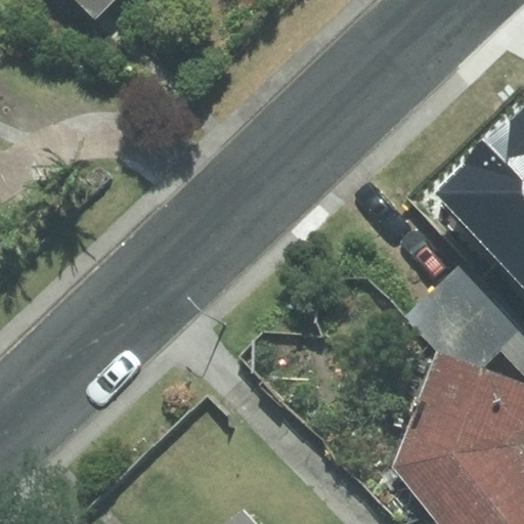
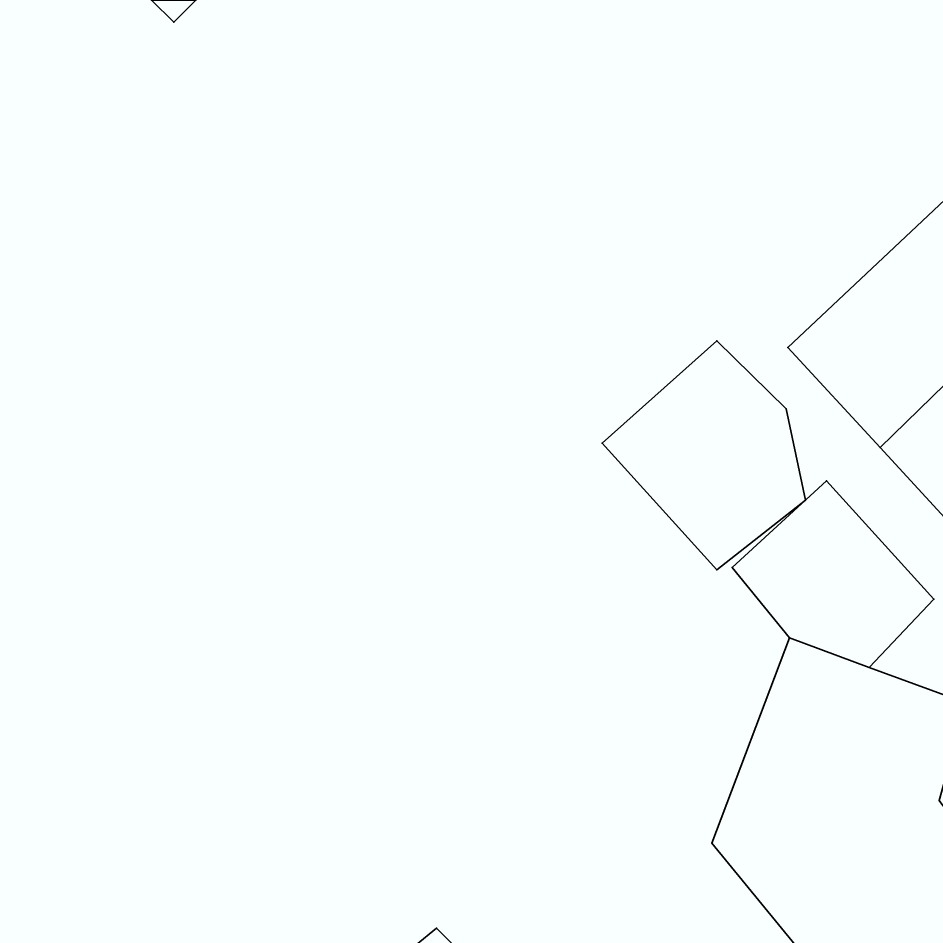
building: none -> [602,341,805,570]

